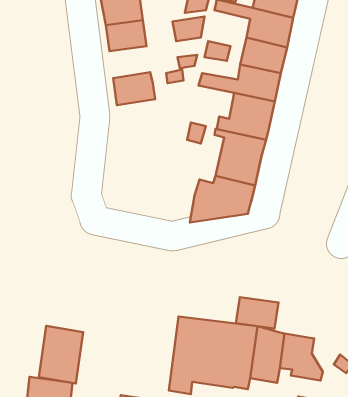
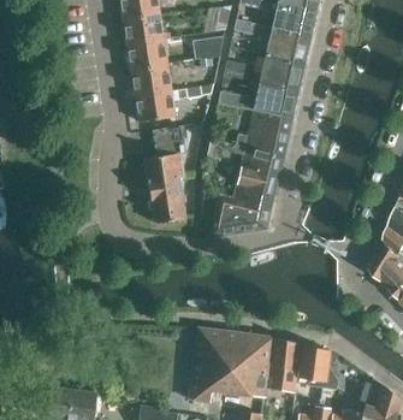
building: none -> [131,64,171,95]
building: none -> [144,120,205,223]
building: [236,297,279,329] -> none
building: [39,326,83,384] -> none

